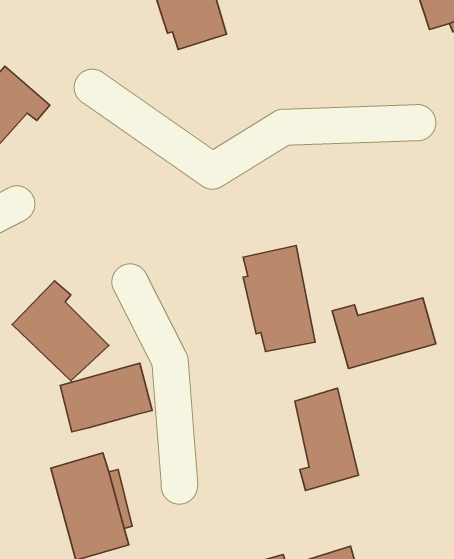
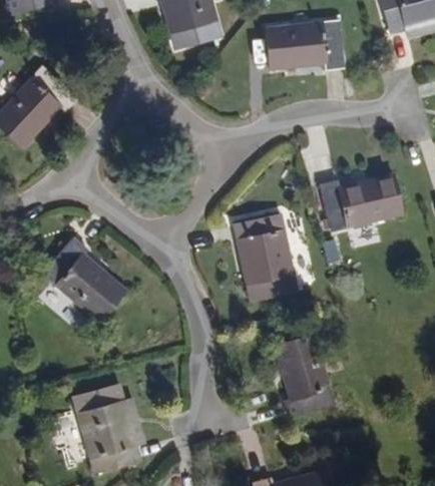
building: none -> [268,21,344,71]
building: [332,298,436,369] -> [323,166,411,226]
building: [60,363,152,432] -> none

